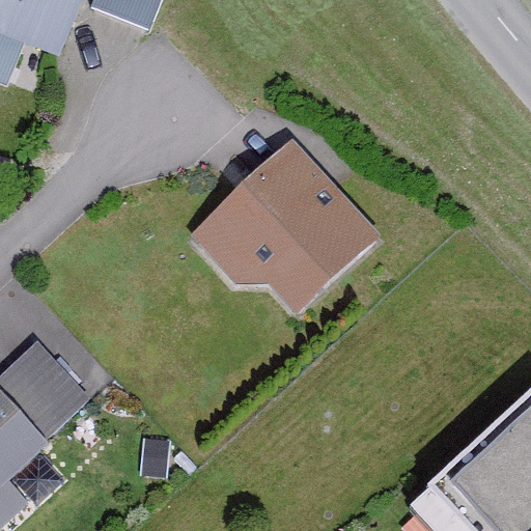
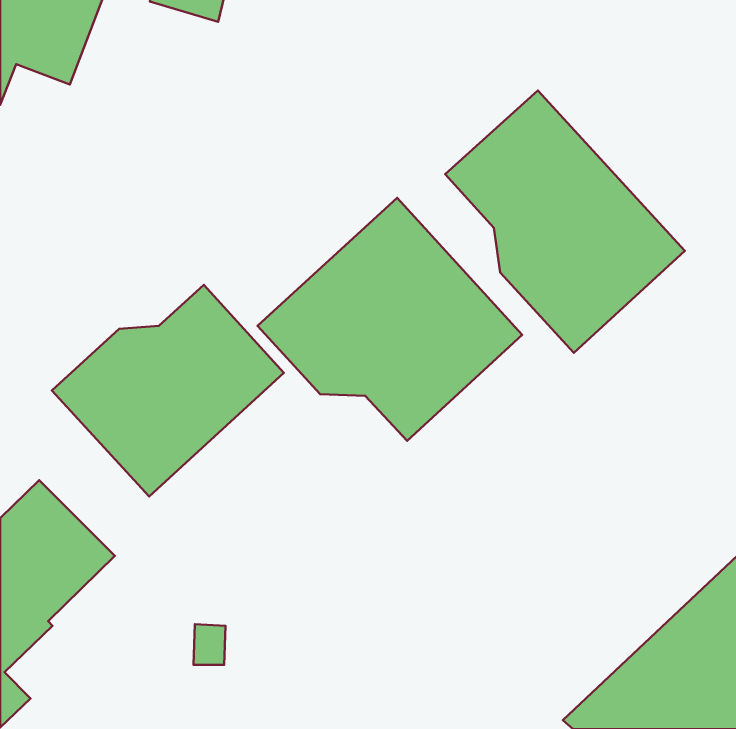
building: none -> [445,90,685,353]
building: none -> [52,285,284,497]

